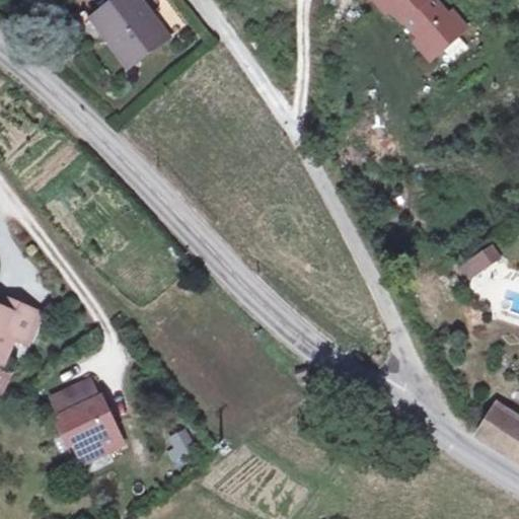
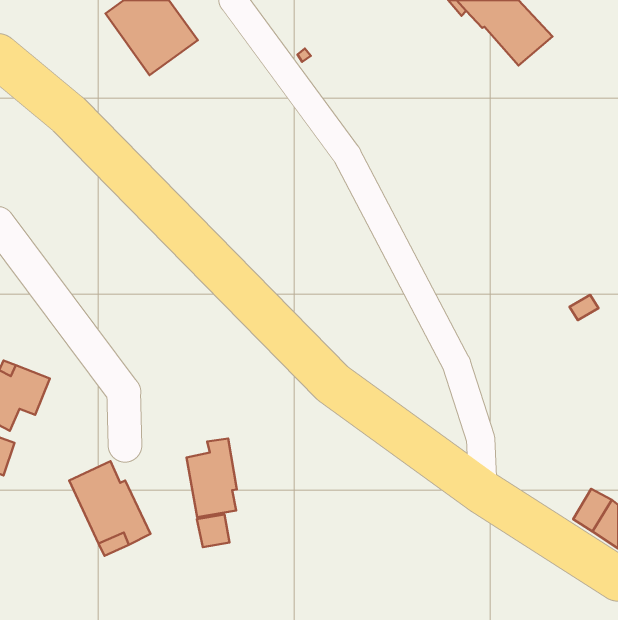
building: none -> [186,438,237,517]

